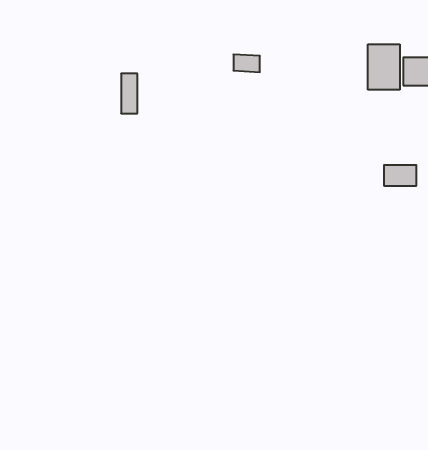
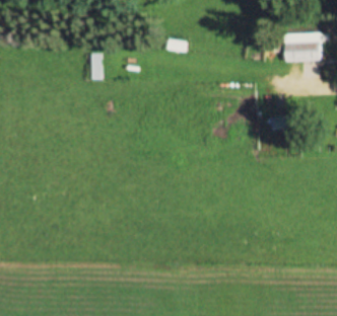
building: [368,44,400,90] -> none

